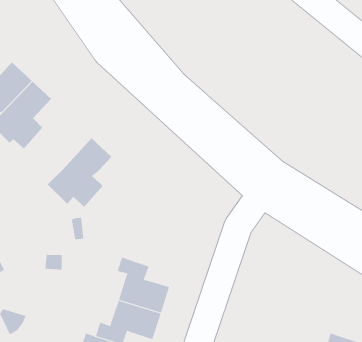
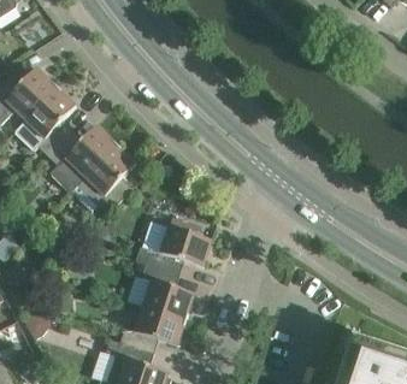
building: none -> [48,124,116,193]
building: none -> [136,217,212,272]

